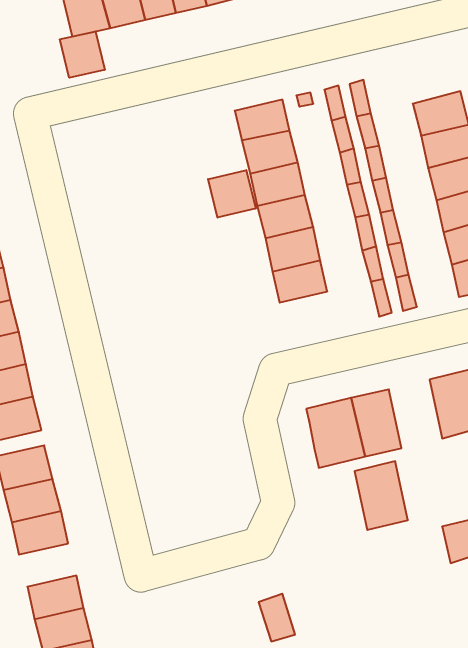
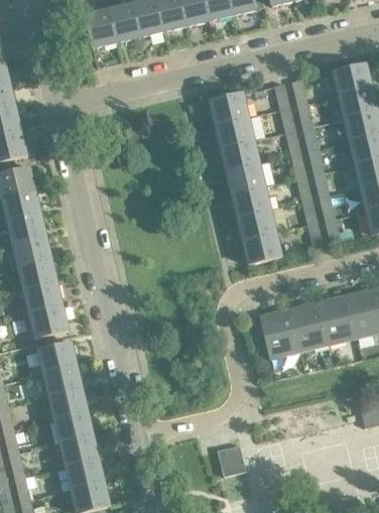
building: [60,31,105,78] -> none
building: none -> [331,63,370,96]
building: [208,170,256,218] -> none
building: none -> [240,231,280,264]
building: [355,461,408,530] -> [319,294,357,344]
building: none -> [52,412,94,443]

